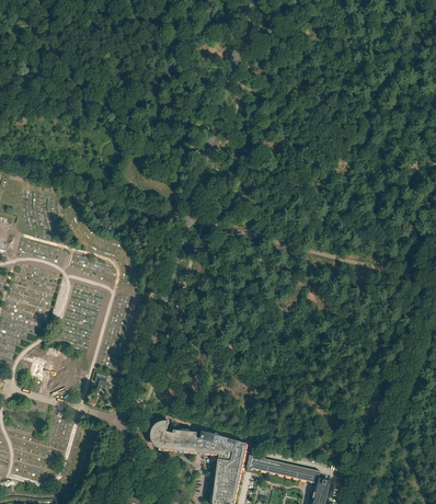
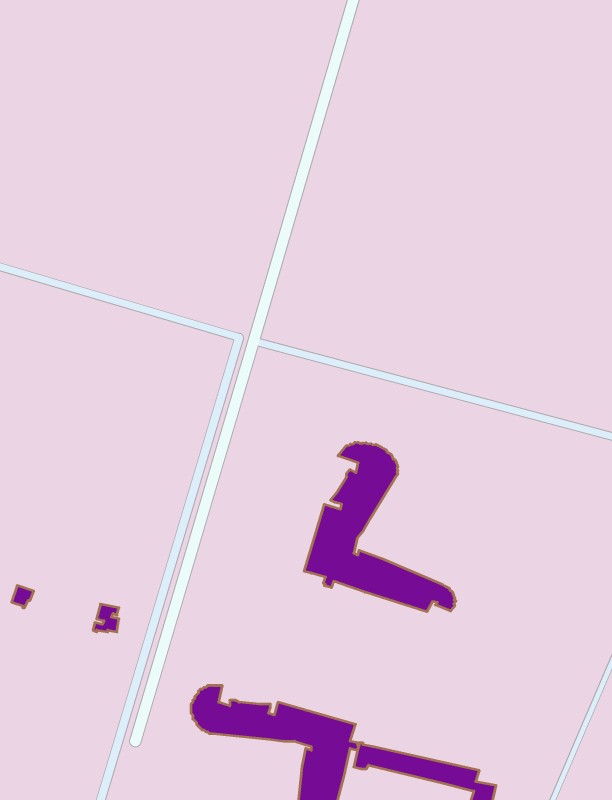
building: none -> [304,442,456,612]

